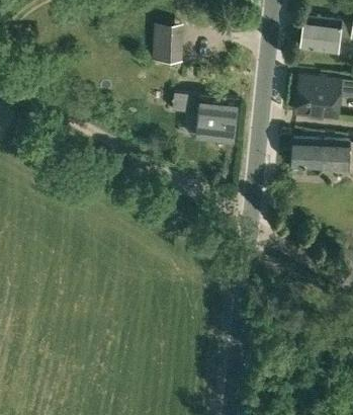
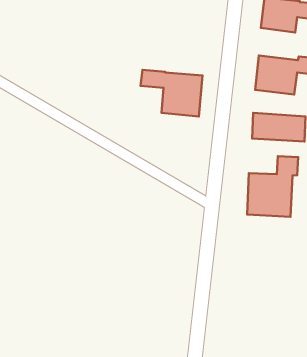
building: [154,23,183,63] -> none
building: none -> [247,156,298,217]

